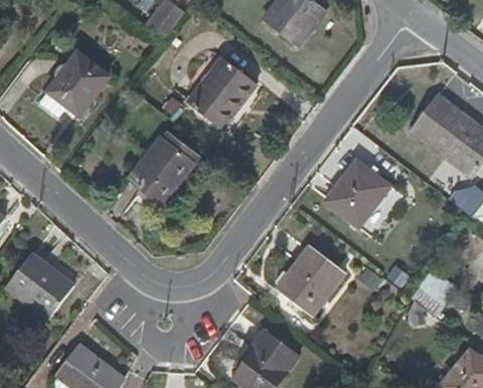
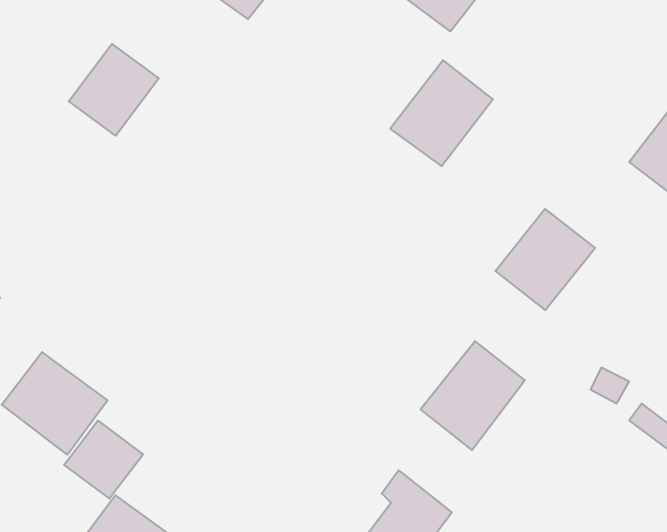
building: [188,58,255,127] -> [390,60,493,166]
building: [130,138,195,204] -> none
building: none -> [64,421,143,499]

